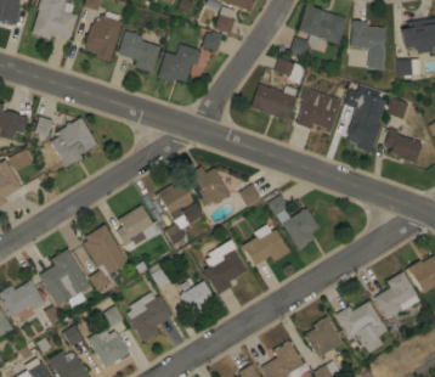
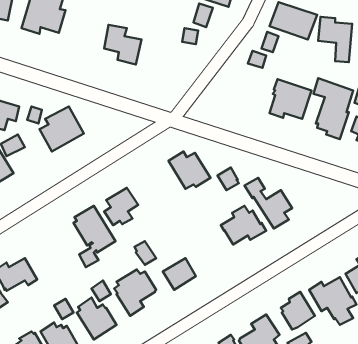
building: [84,13,119,58] -> none
building: [157,44,196,84] -> none
building: [248,83,294,120] -> none
building: [159,178,204,243] -> none
building: [204,240,247,293] -> none
building: [41,248,91,305] -> none

